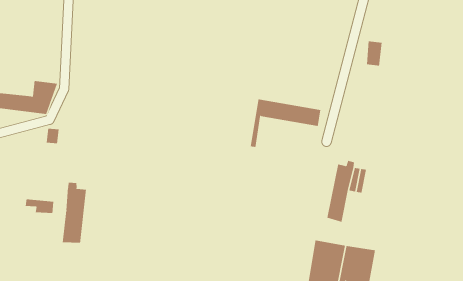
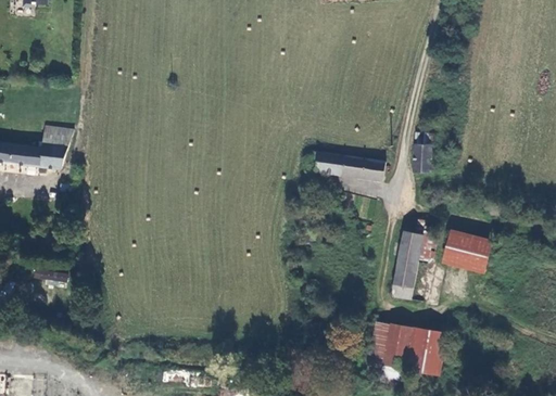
building: [366,41,383,66] -> [418,143,438,174]
building: none -> [447,232,494,271]
building: [62,182,87,243] -> none

